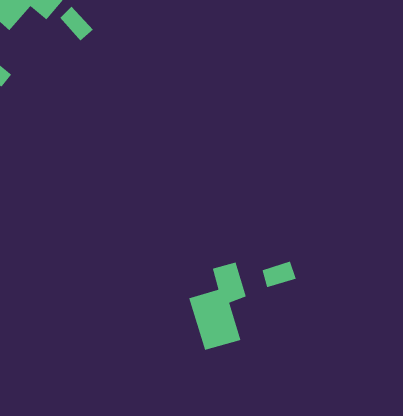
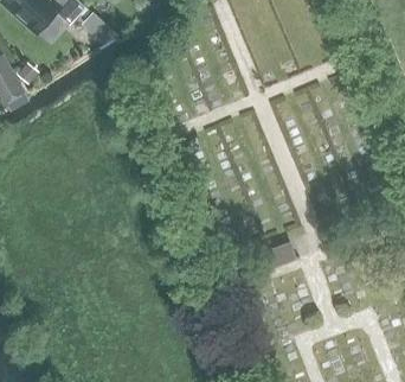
building: [188,261,247,351] -> none

